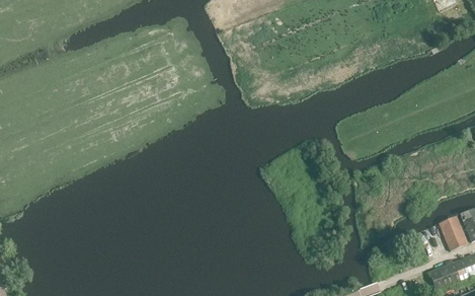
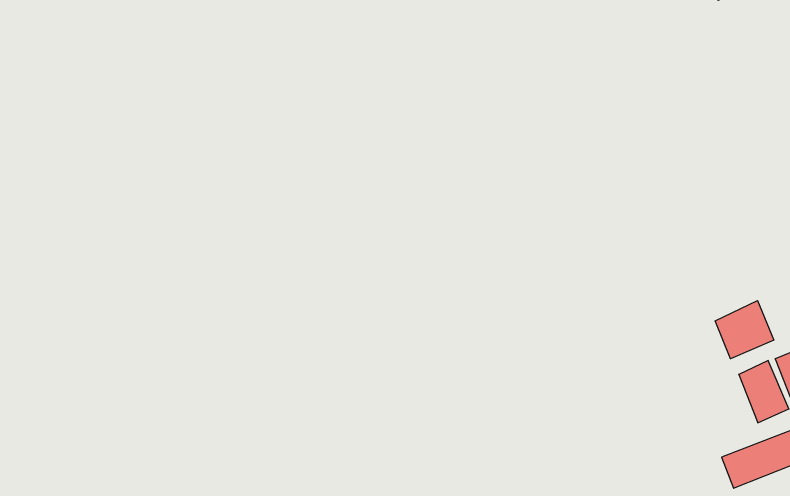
building: none -> [715,301,774,359]

